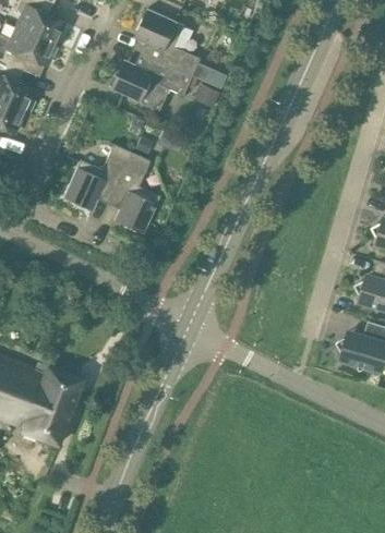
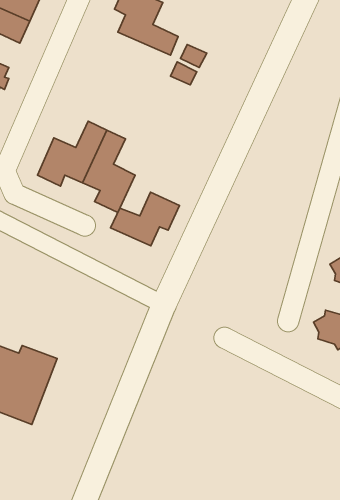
building: [113,56,195,111] -> none
building: none -> [110,192,180,246]

